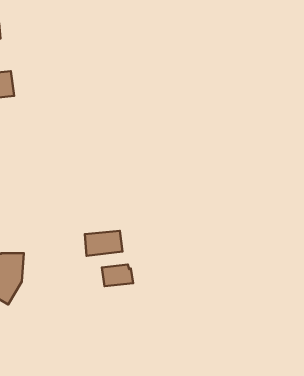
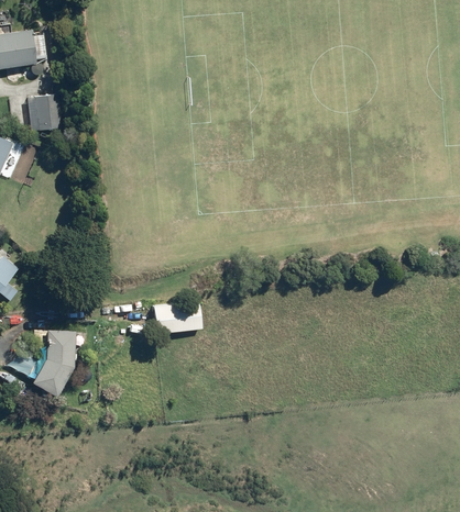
building: [102,265,133,286] -> none

